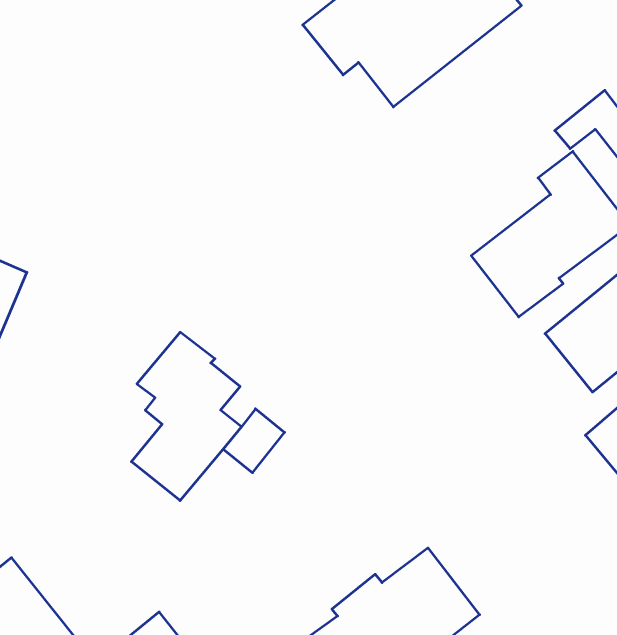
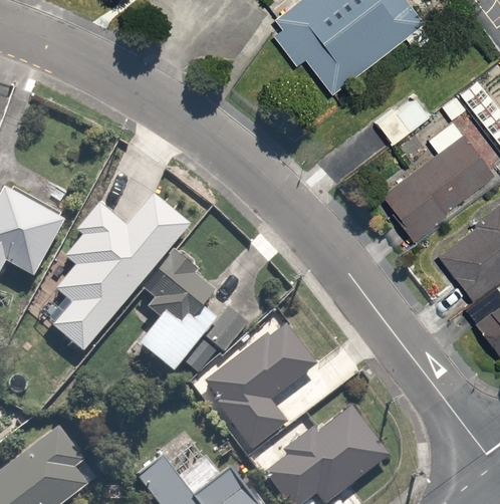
building: none -> [53,194,191,352]
building: none -> [205,325,318,451]

